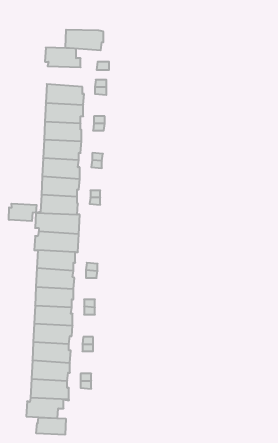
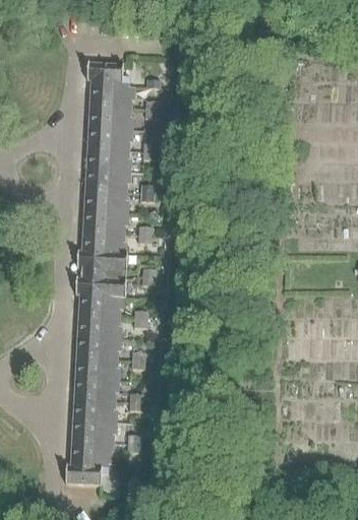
building: [65,30,103,50] -> [90,85,133,109]
building: [9,204,37,221] -> none
building: [36,417,66,435] -> none

